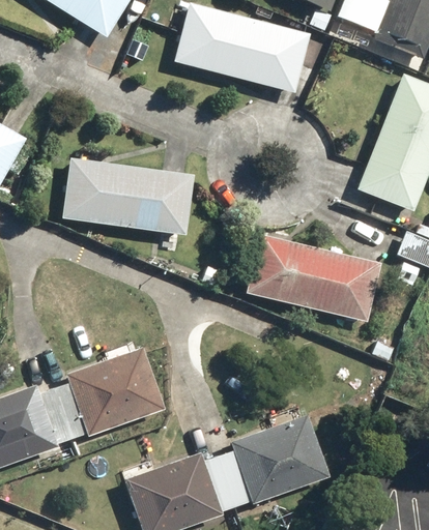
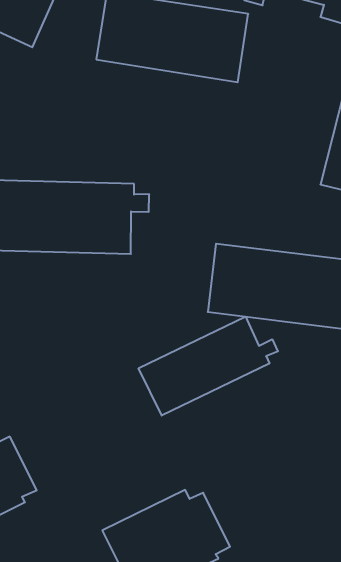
building: none -> [139,317,278,416]
building: [60,342,176,434] -> none
building: [225,410,338,501] -> none

